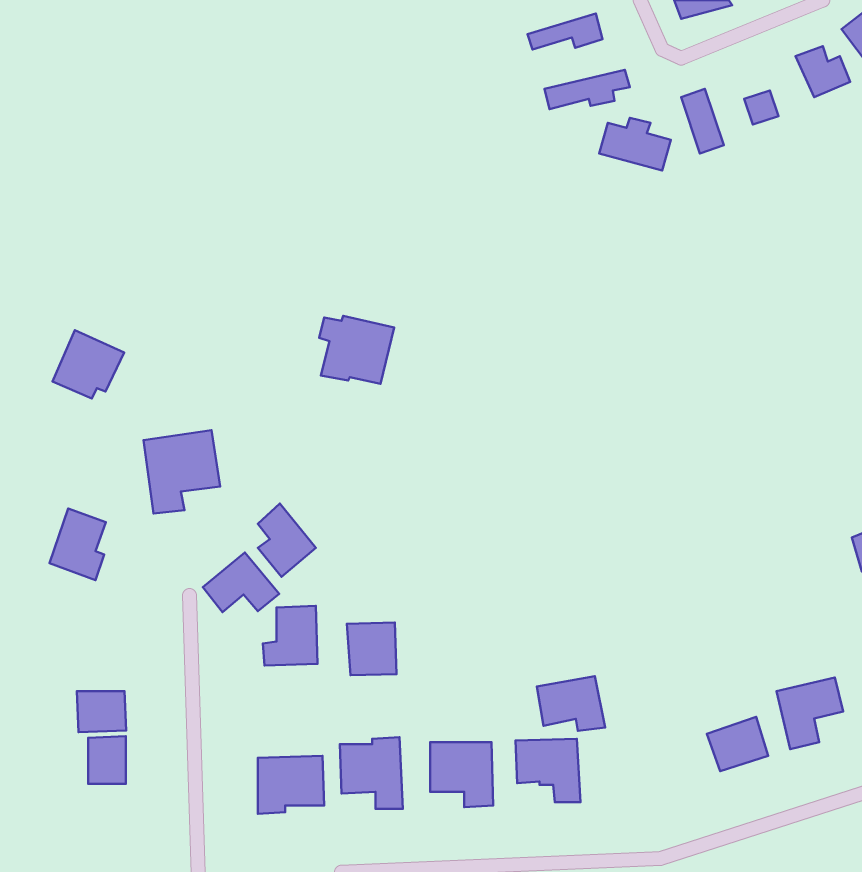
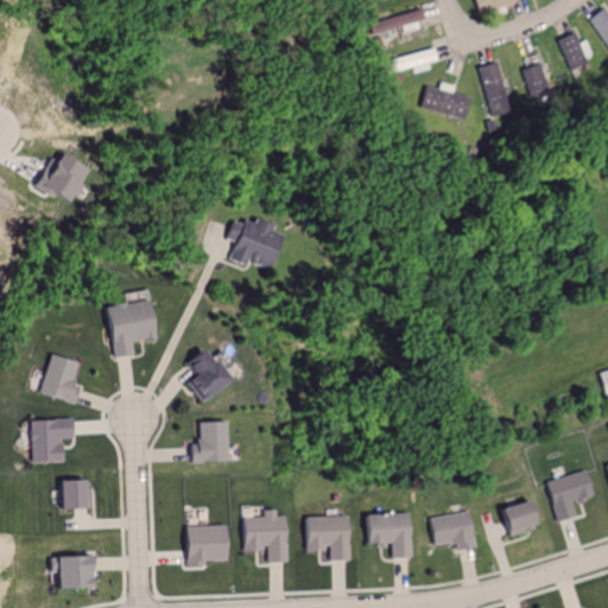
building: [53,330,124,398] -> [38,153,88,201]
building: [203,553,279,612] -> none
building: none -> [33,419,75,462]
building: [347,623,397,675] -> none
building: [537,676,605,731] -> [430,512,477,550]
building: [88,736,126,784] -> [69,556,95,589]

